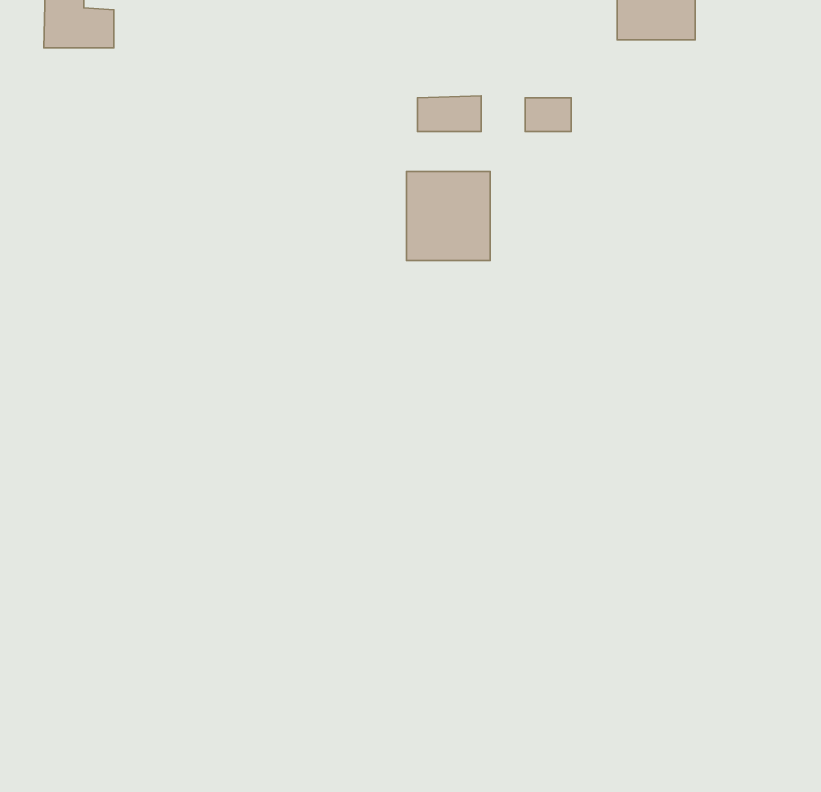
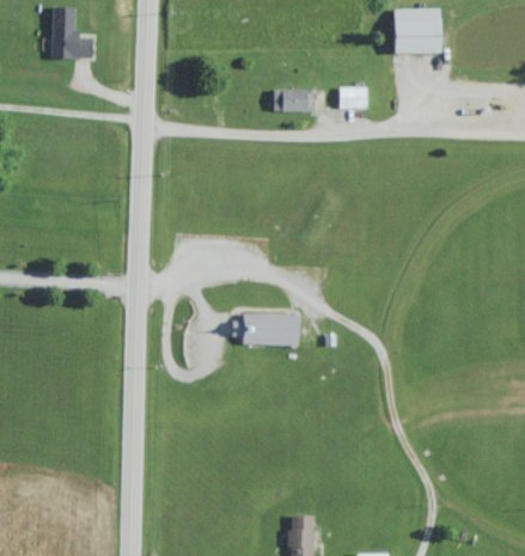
building: [406,172,490,261] -> none
building: none -> [232,312,298,346]

